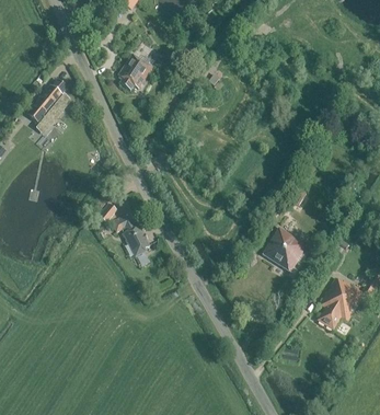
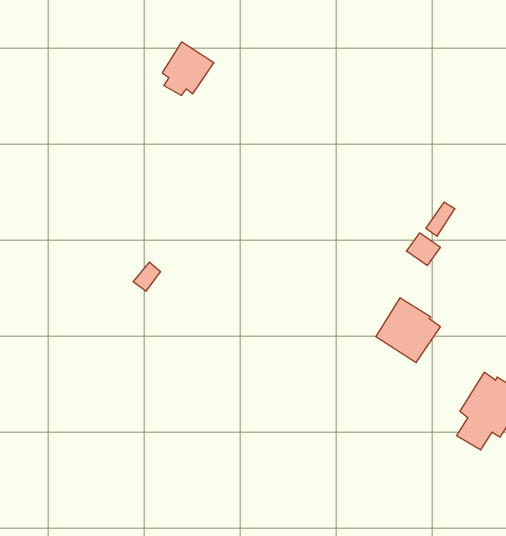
building: [26,80,71,135] -> none
building: [112,214,150,257] -> none

